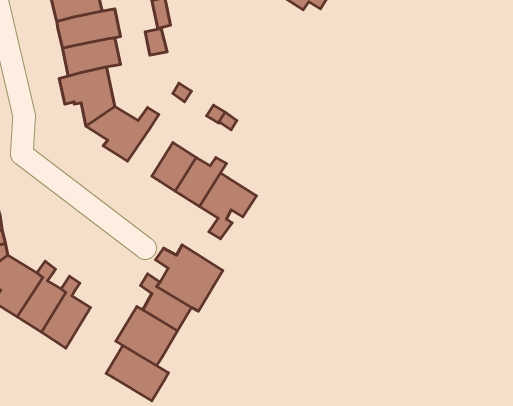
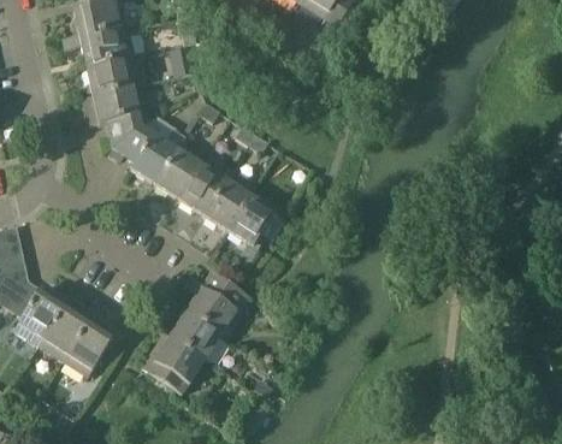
building: none -> [152,135,199,199]
building: [106,345,169,401] -> none

